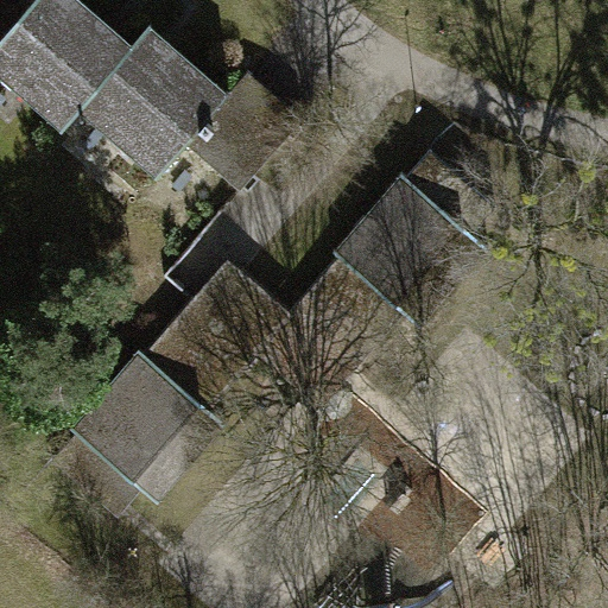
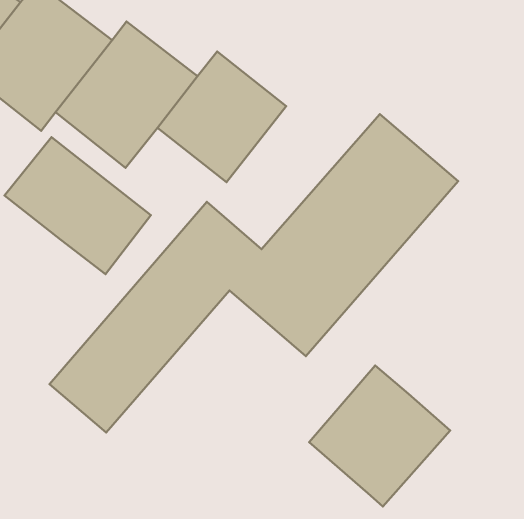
building: none -> [5,137,151,274]
building: none -> [309,365,450,506]

